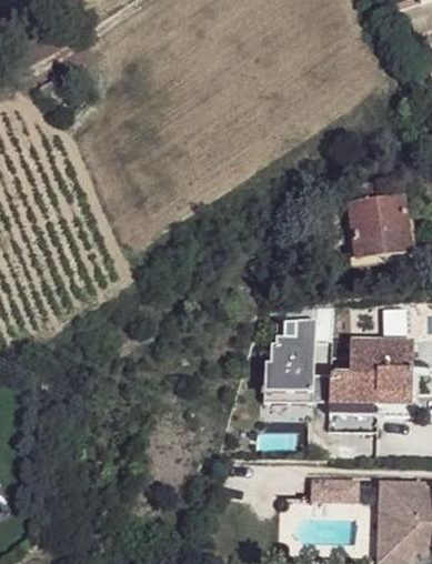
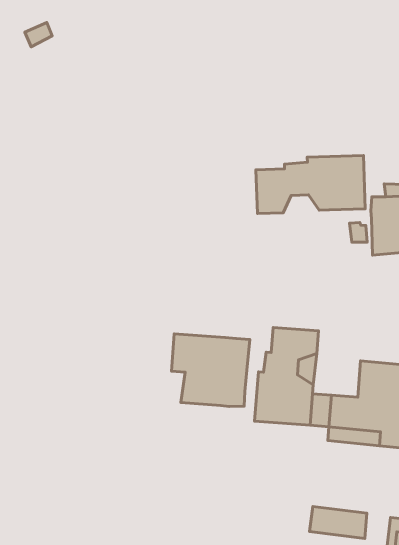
building: none -> [256,155,365,214]
building: none -> [171,334,250,406]

